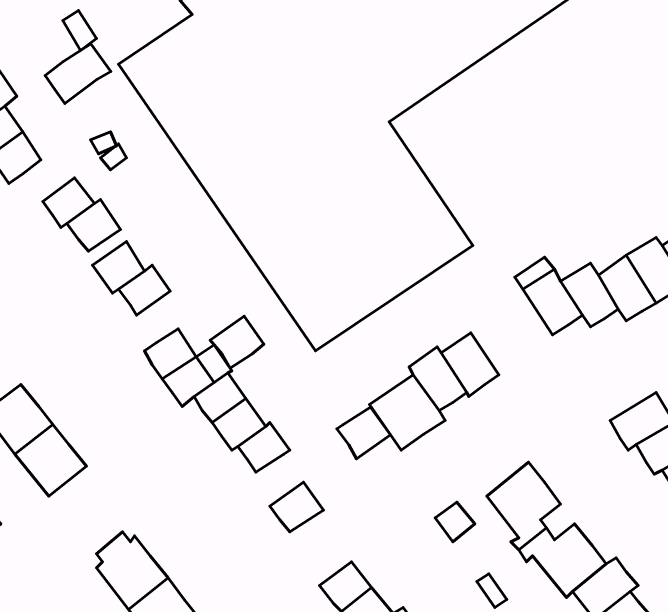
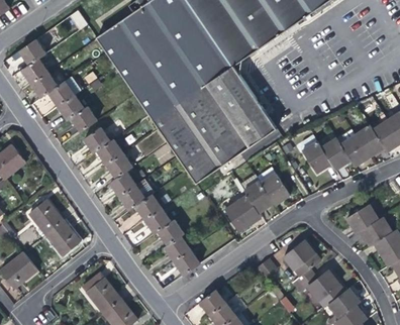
building: [45,44,111,103] -> [47,77,81,107]
building: [210,316,264,368] -> [105,152,132,179]
building: [337,407,390,459] -> [163,235,190,261]

